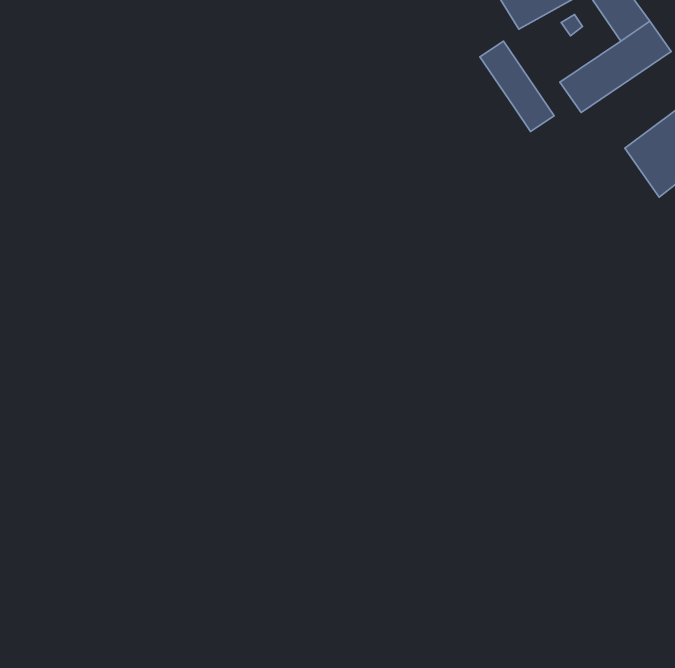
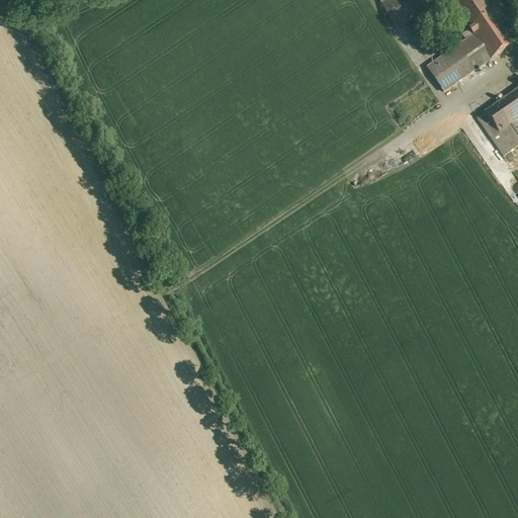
building: [480,41,554,132] -> none

